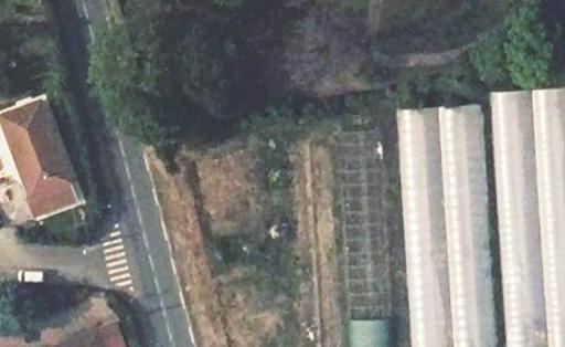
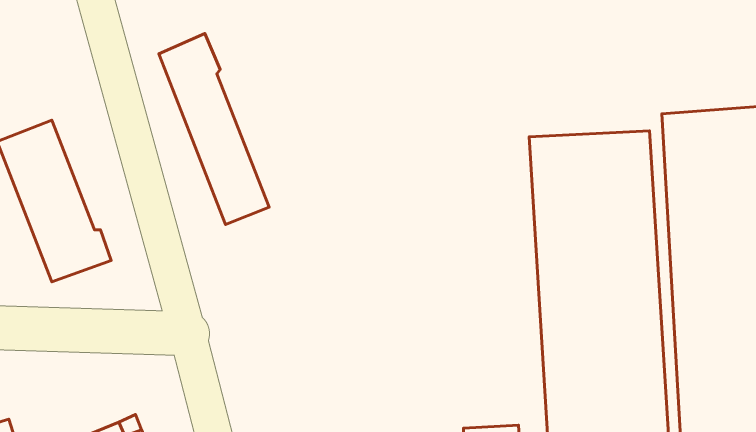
building: none -> [159,33,269,224]

